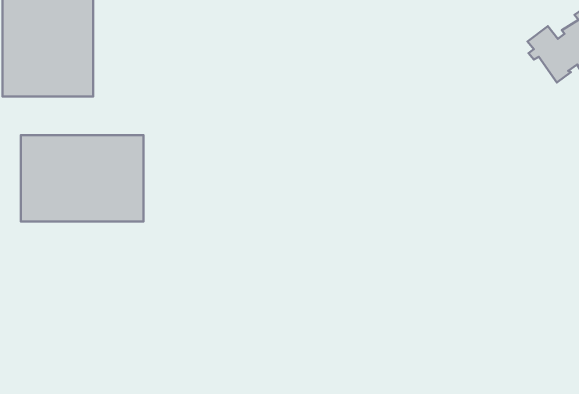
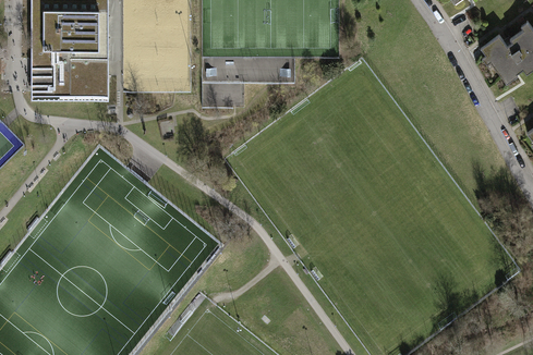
building: [21,135,143,222] -> none

